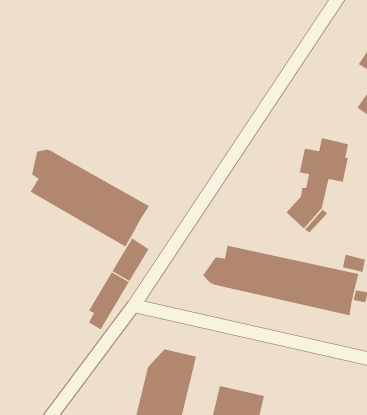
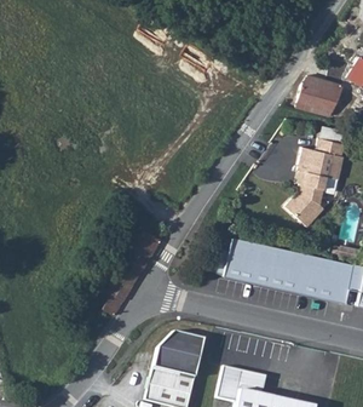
building: none -> [296,75,344,115]
building: [30,149,150,248] -> none

